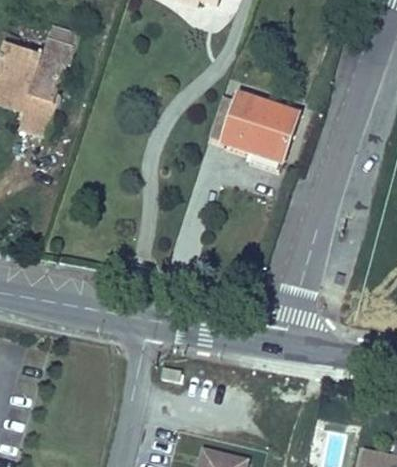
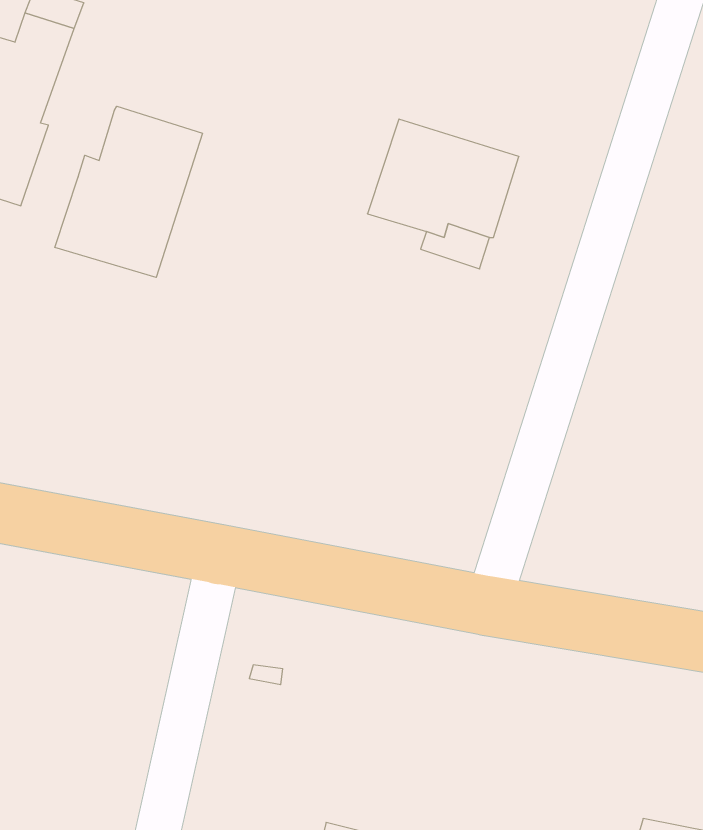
building: none -> [55,106,203,277]

